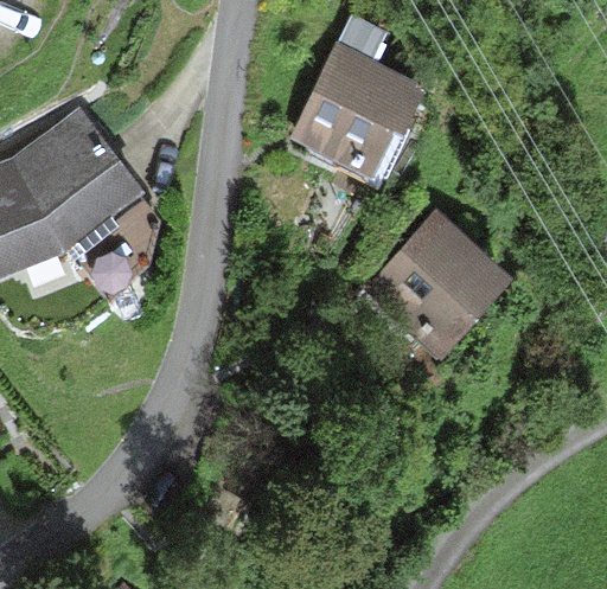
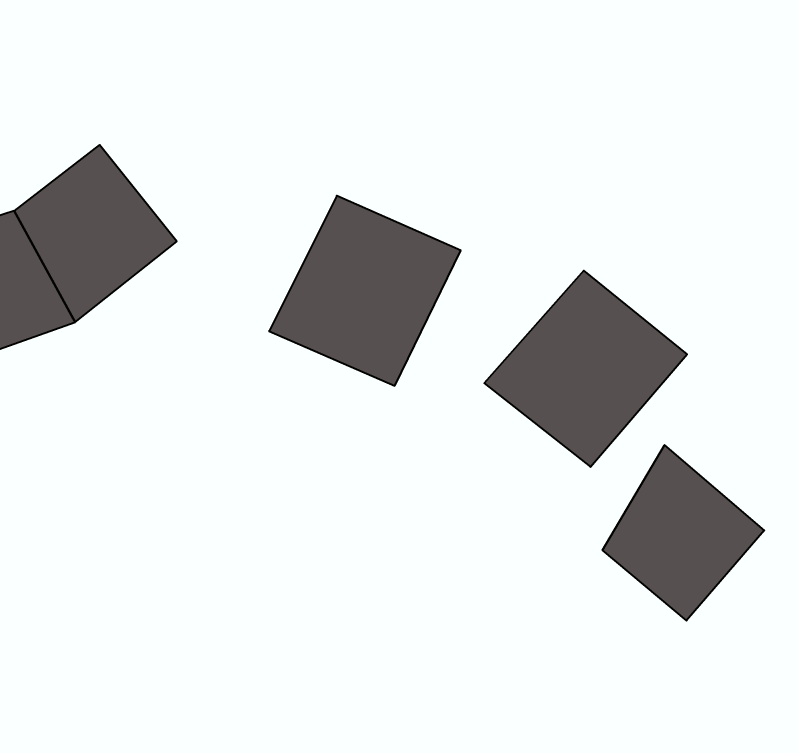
building: [287,44,428,184] -> [269,196,461,386]
building: none -> [603,445,764,621]

